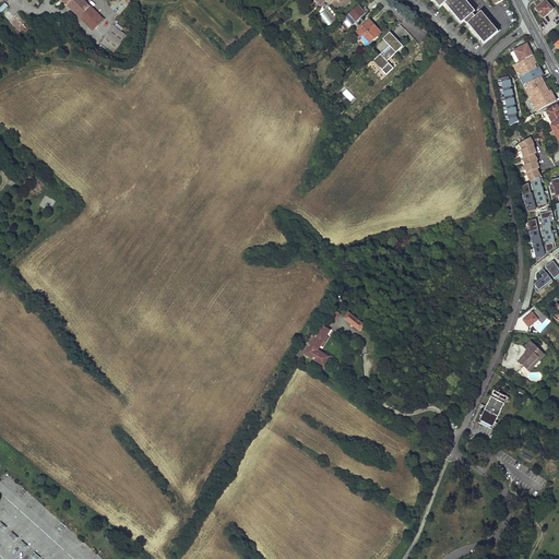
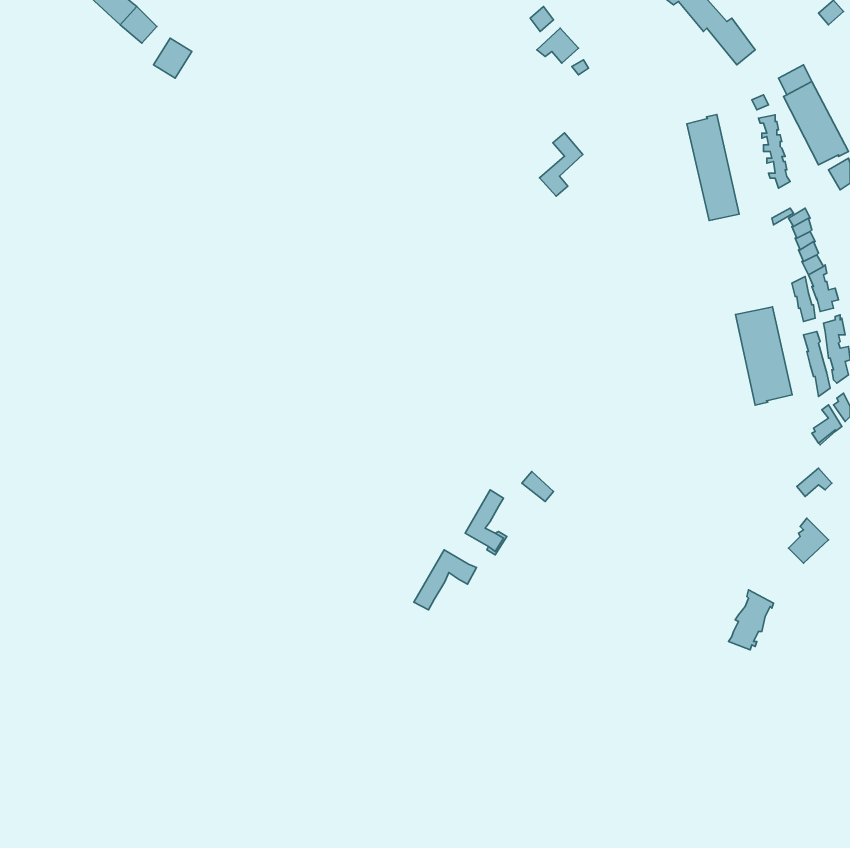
building: [373,29,402,71] -> [539,133,583,196]
building: none -> [687,114,739,221]
building: none -> [736,307,792,405]
building: none -> [414,550,477,610]

